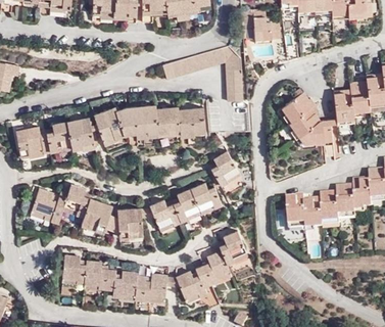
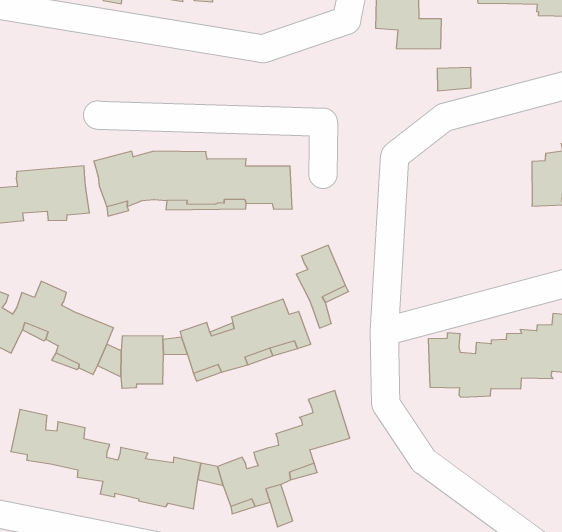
building: [162,46,242,101] -> none
building: [282,92,332,144] -> none

